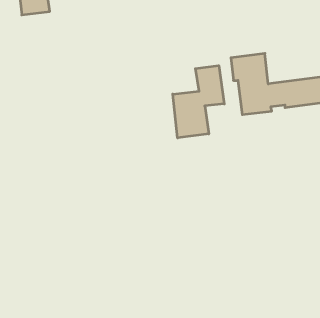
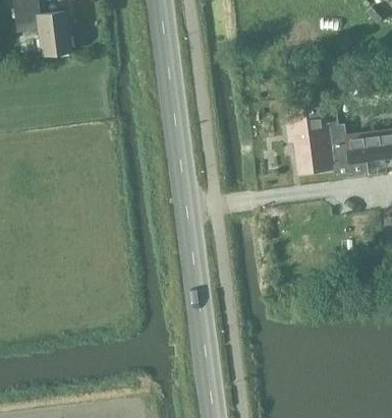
building: [173,66,224,138] -> none

